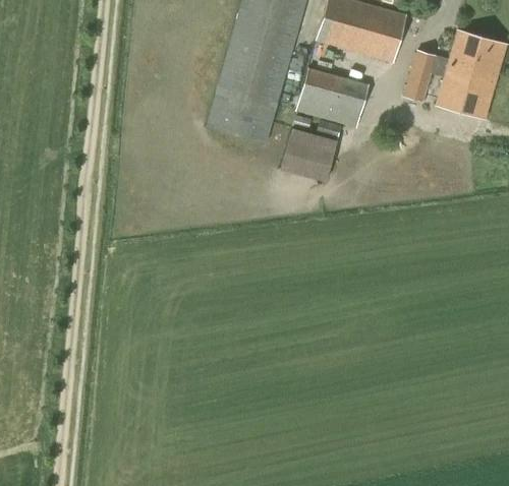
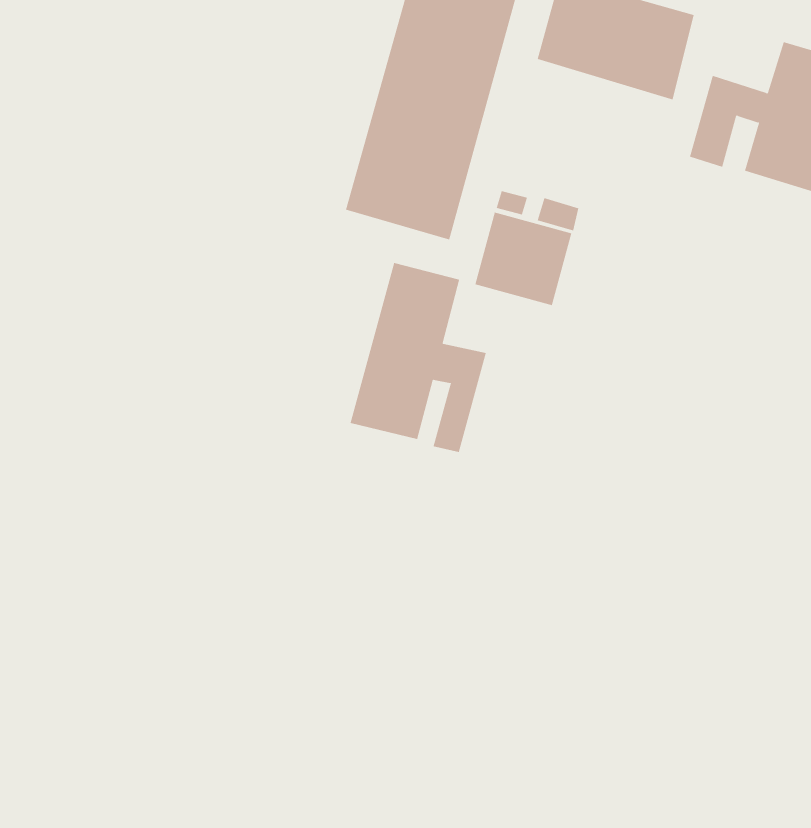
building: [297,67,369,126] -> none
building: none -> [350,262,487,453]

